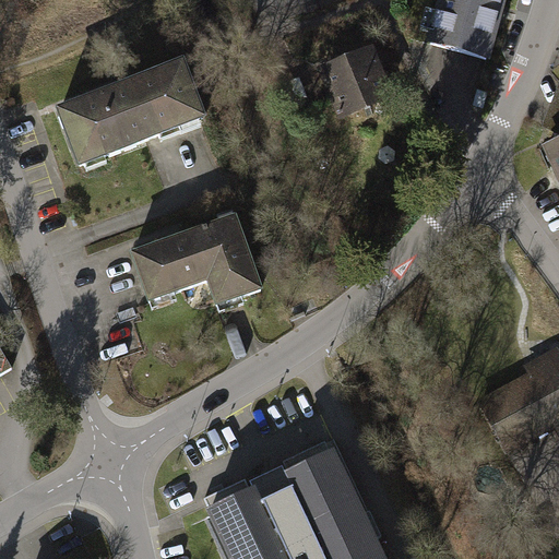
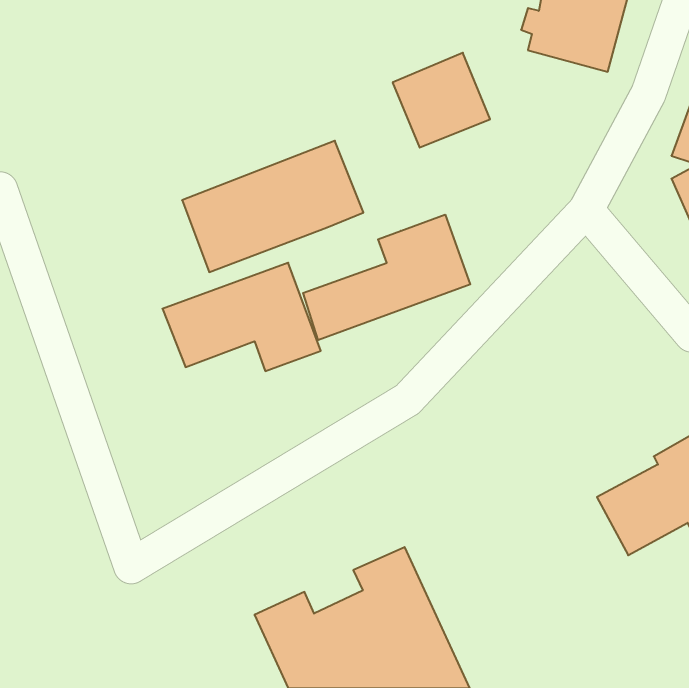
building: [57,60,203,166] -> [182,141,363,272]
building: none -> [303,215,470,340]

